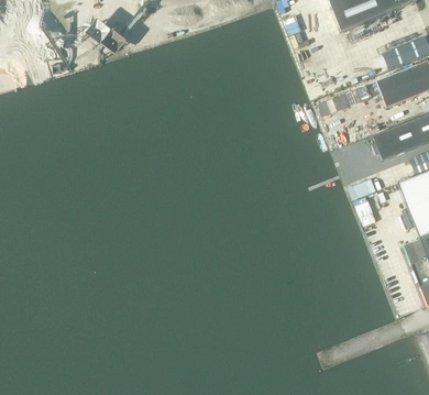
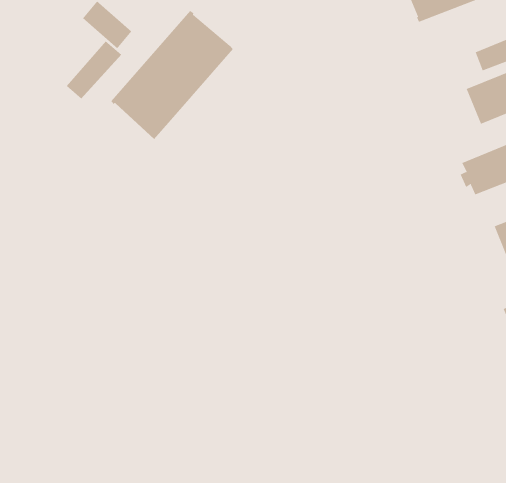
building: none -> [110,10,234,140]
building: none -> [66,41,122,99]

